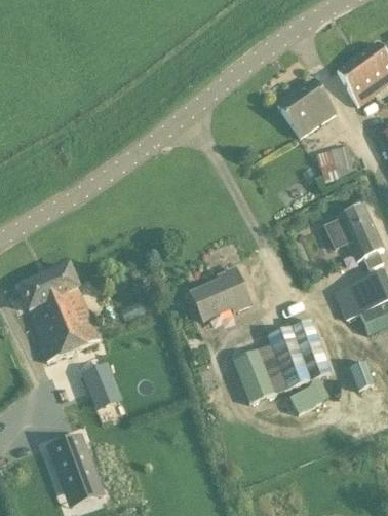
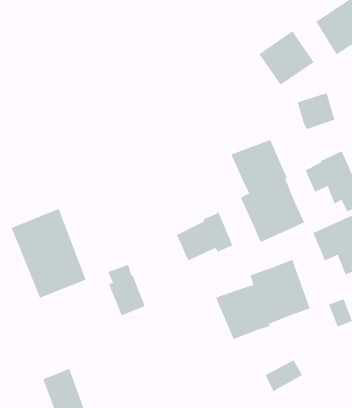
building: none -> [231,139,305,243]
building: [80,352,120,406] -> [107,264,146,316]
building: [290,380,331,414] -> [264,360,303,392]

